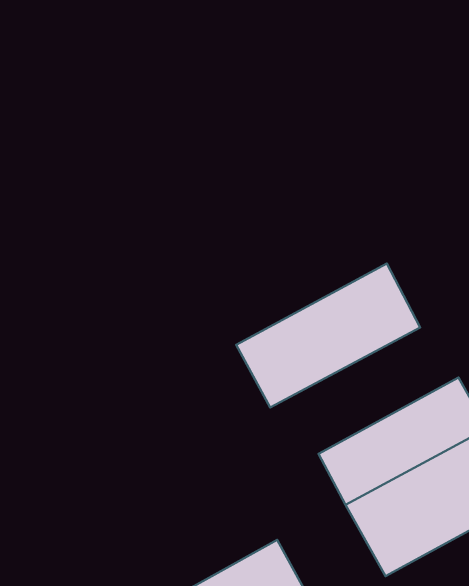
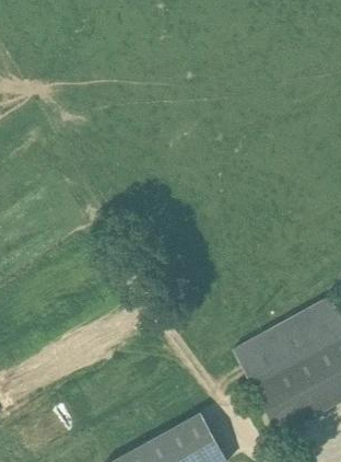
building: [236,263,420,407] -> none

